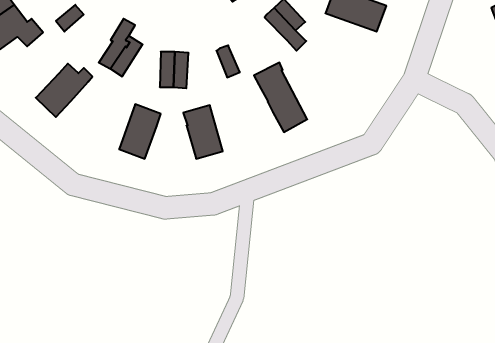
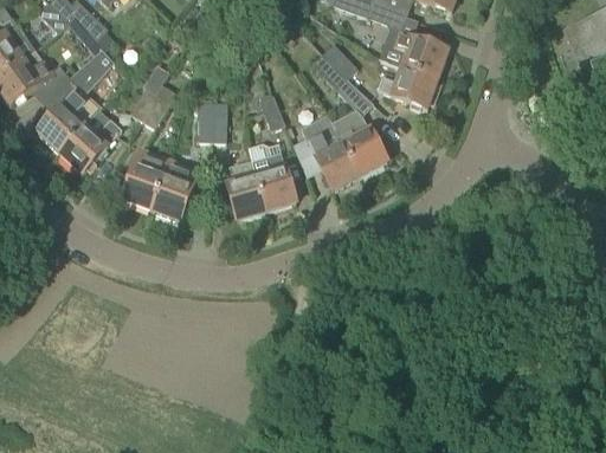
building: none -> [378,62,437,109]
building: none -> [37,80,95,153]
building: none -> [331,109,388,176]
building: none -> [249,143,296,212]
building: none -> [122,149,169,209]

